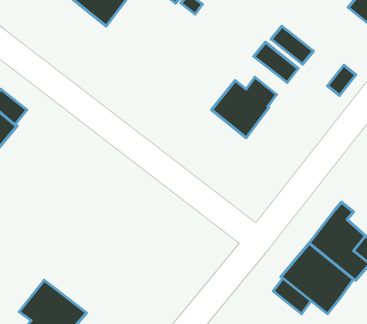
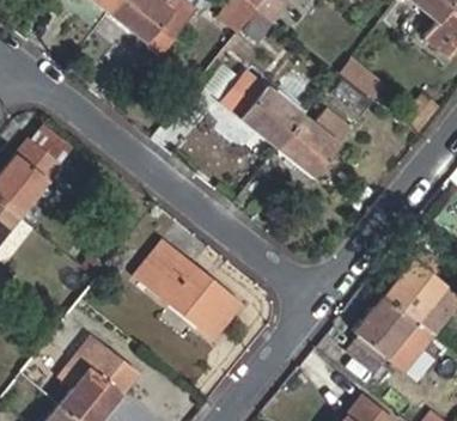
building: none -> [219,71,303,148]
building: none -> [132,239,244,342]

